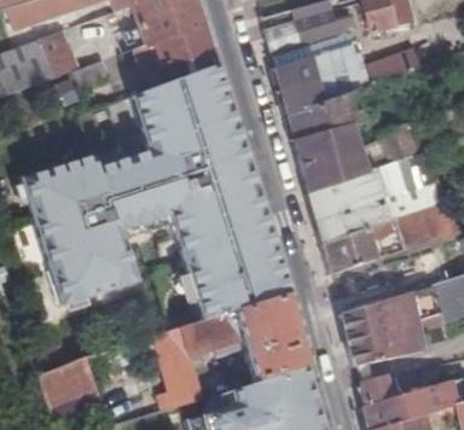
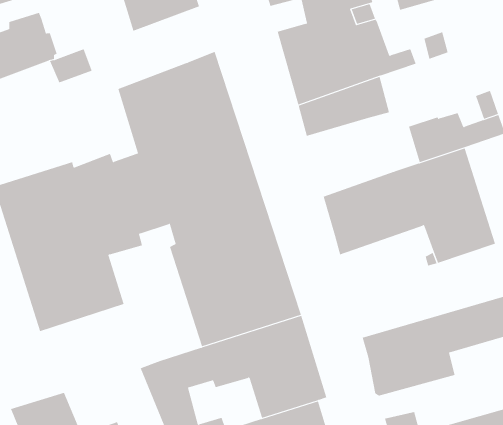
building: [135,25,214,74] -> none
building: [292,122,369,190] -> none
building: [321,219,388,273] -> none

